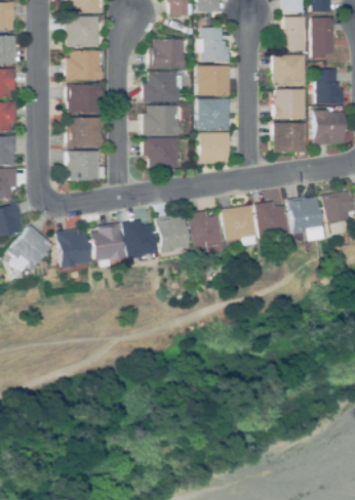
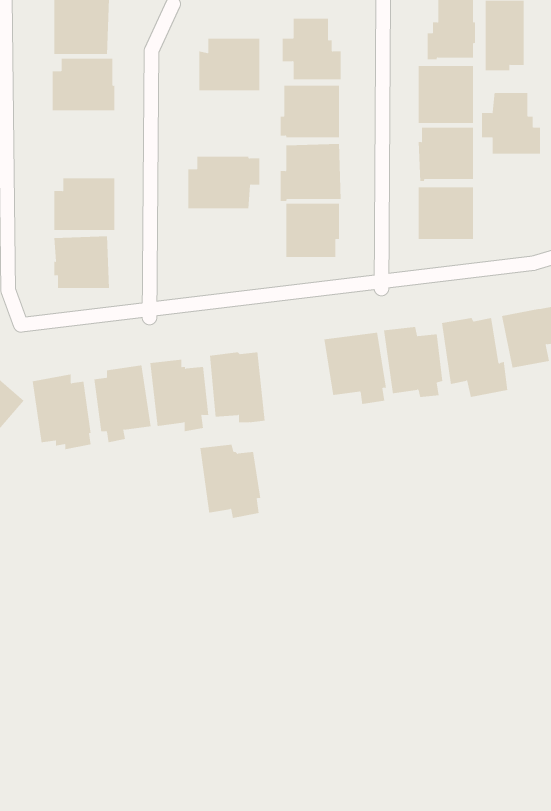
building: [144,71,184,101] -> none
building: [68,84,103,113] -> none
building: [314,111,345,144] -> none
building: [144,137,180,168] -> none
building: [188,211,223,253] -> [200,444,261,518]

